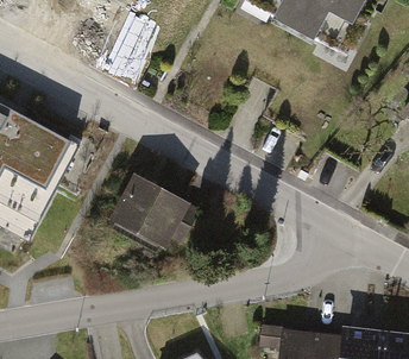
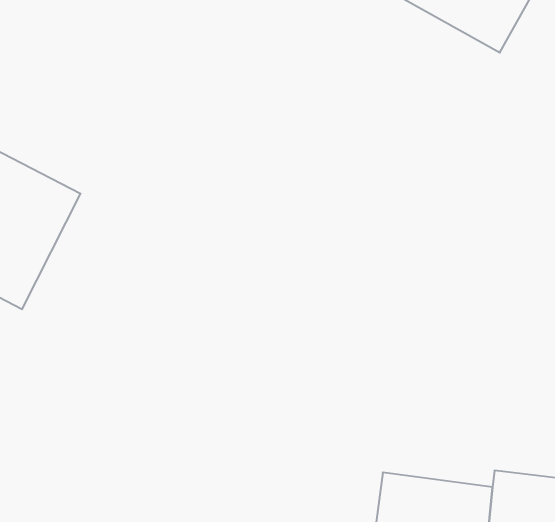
building: [112,175,189,251] -> none

